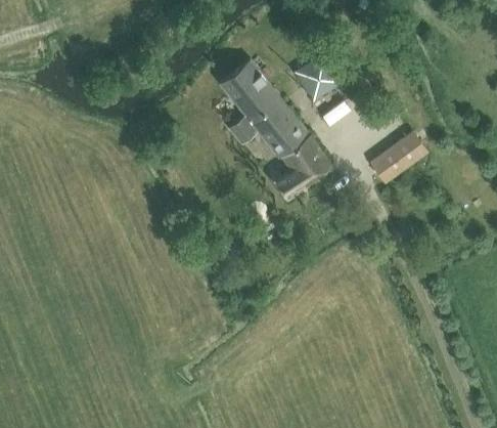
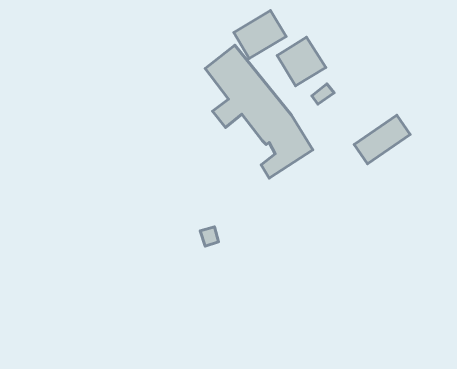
building: none -> [234,10,286,58]

